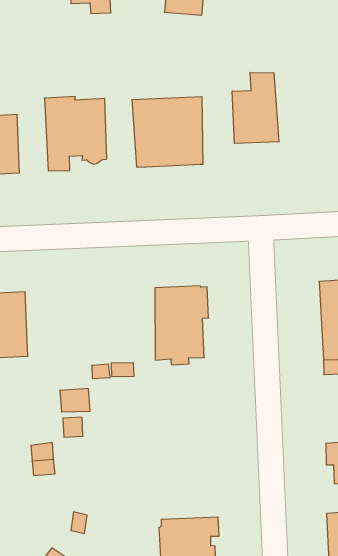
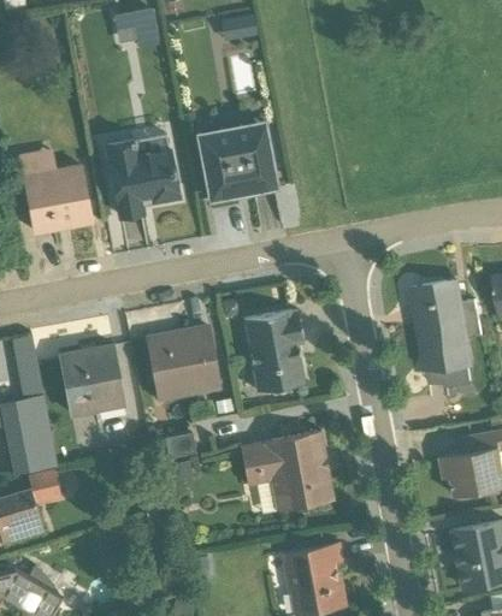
building: [232,72,279,143] -> none
building: none -> [144,325,222,402]
building: none -> [240,431,335,515]

